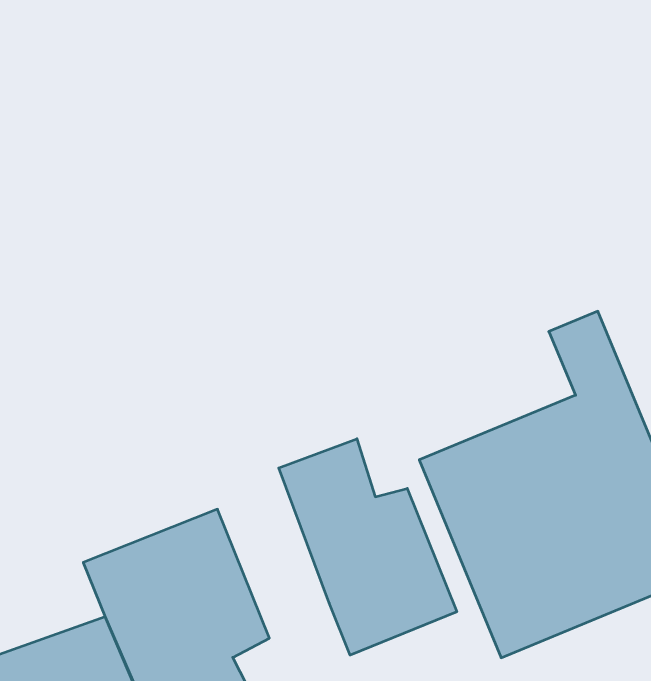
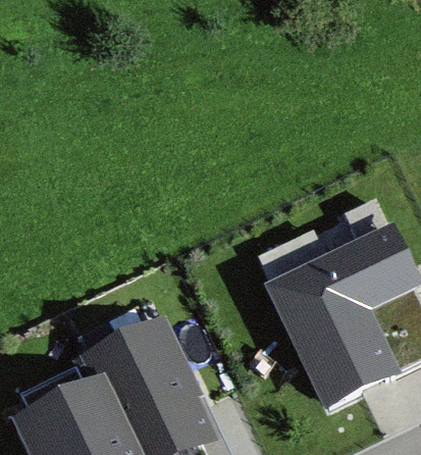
building: [279,439,457,655] -> none

